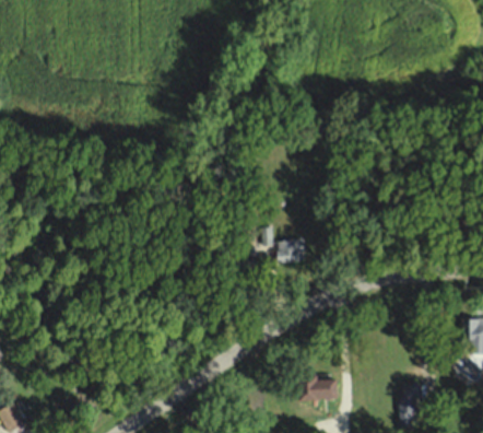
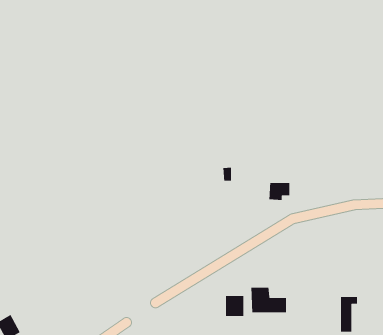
building: [280,242,305,264] -> [269,182,290,201]
building: none -> [225,295,244,317]

